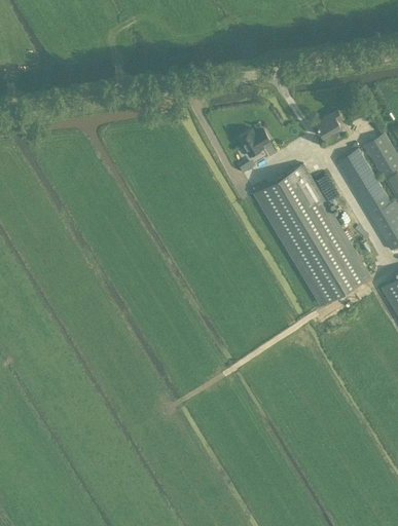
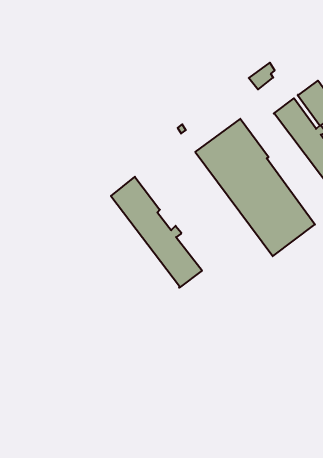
building: [237,130,268,157] -> none
building: none -> [111,177,202,288]

